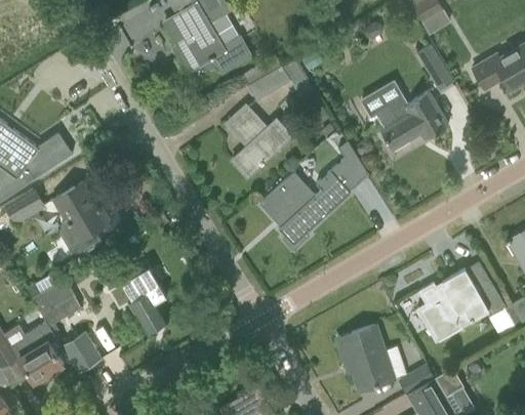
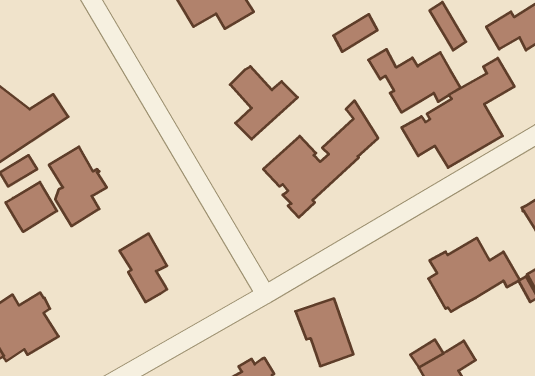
building: [248,66,290,101] -> [333,14,377,52]
building: none -> [402,58,514,168]
building: [33,280,82,327] -> [6,182,57,231]
building: [337,326,393,390] -> [295,299,353,366]
building: [62,332,102,372] -> none

